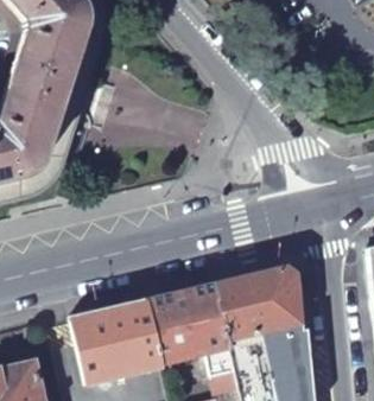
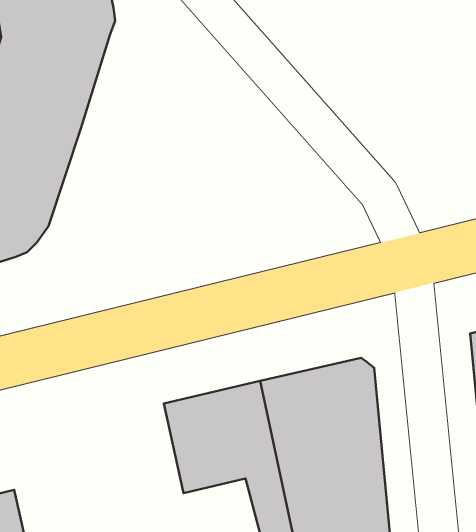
building: [70,299,158,384] -> none

